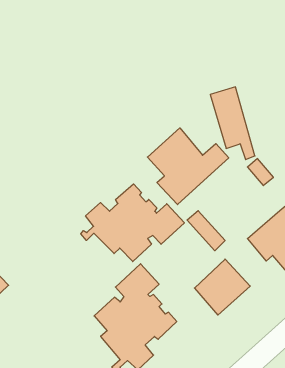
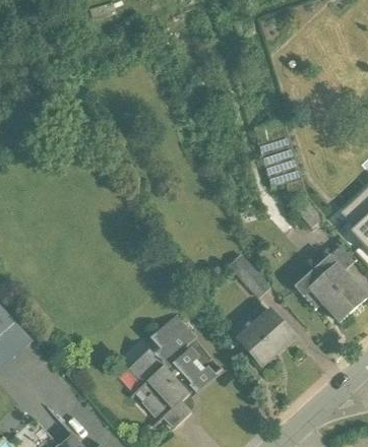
building: [147,128,229,205] -> none
building: [81,184,184,262] -> none

